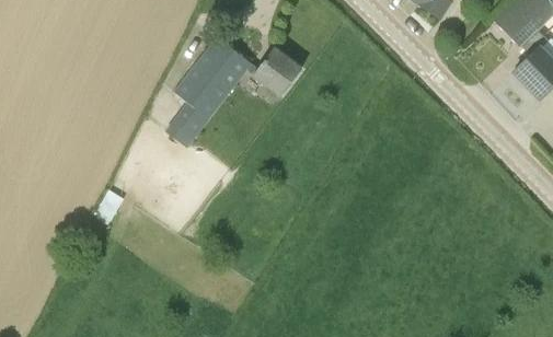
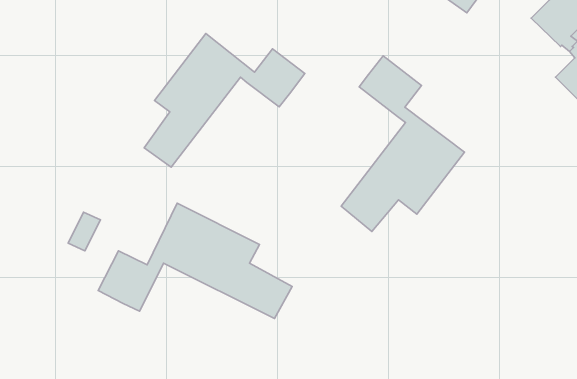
building: none -> [341,56,465,231]
building: none -> [98,203,292,319]

